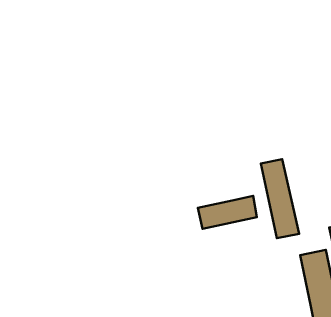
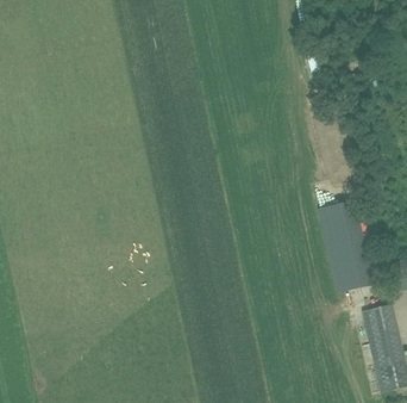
building: [198,196,257,229] -> none

